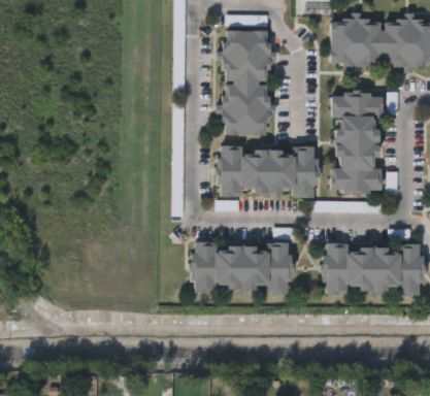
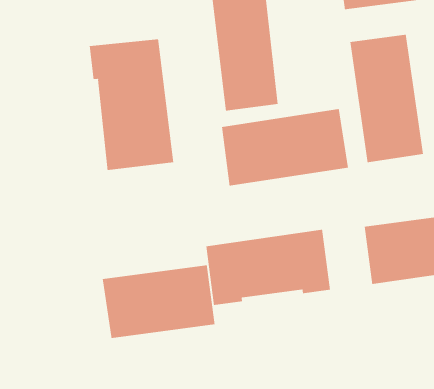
building: none -> [89,38,174,171]
building: none -> [102,265,215,339]

